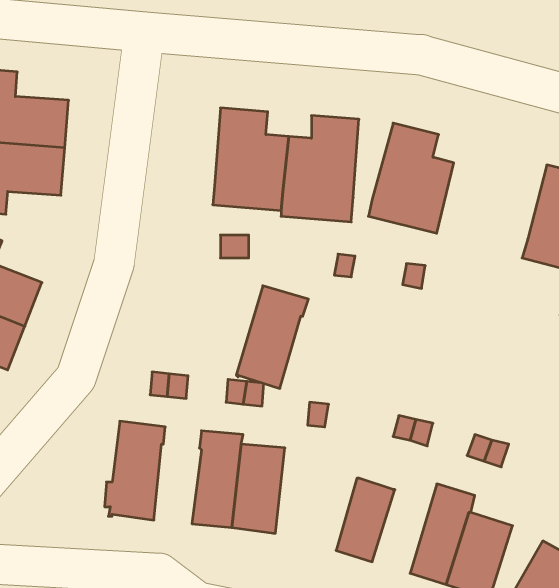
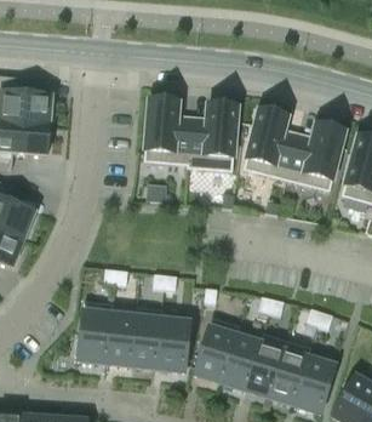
building: none -> [287,124,345,190]
building: [236,286,308,388] -> [195,316,241,382]
building: none -> [107,314,137,365]
building: none -> [246,332,287,397]

